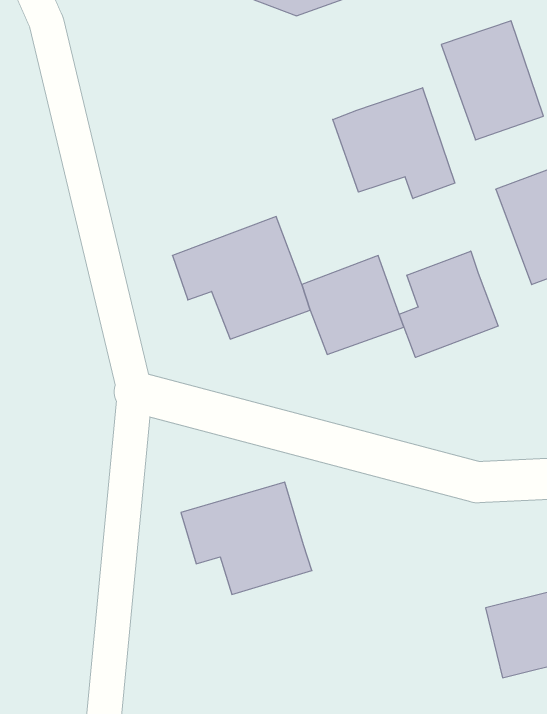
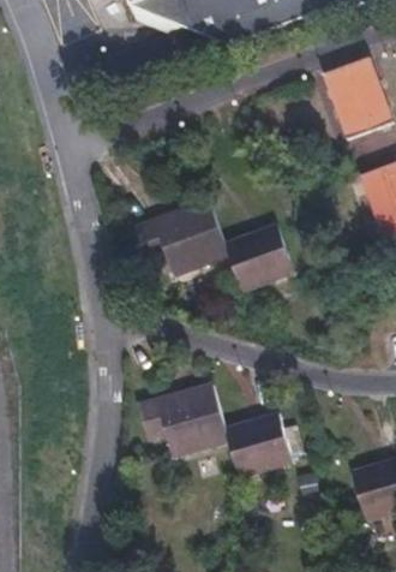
building: [333,88,455,199] -> none
building: [399,251,498,357] -> none
building: none -> [222,409,293,479]

